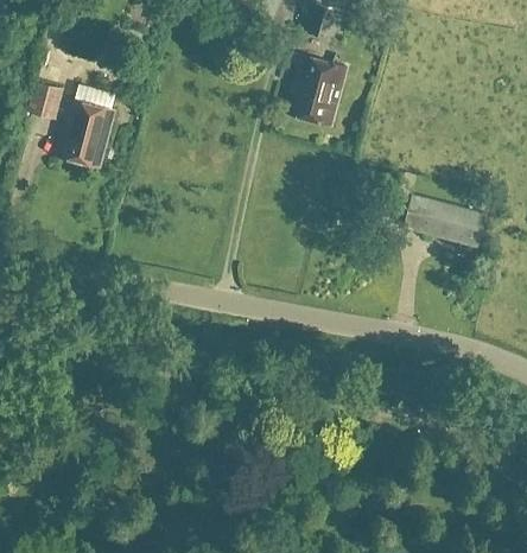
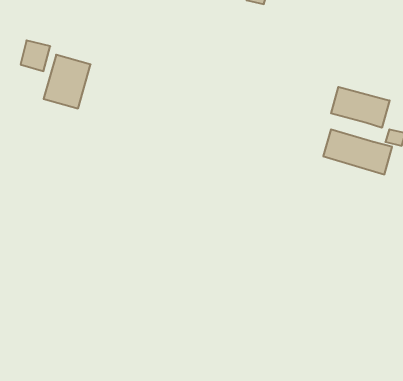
building: [285,56,345,126] -> none
building: none -> [331,87,390,128]

